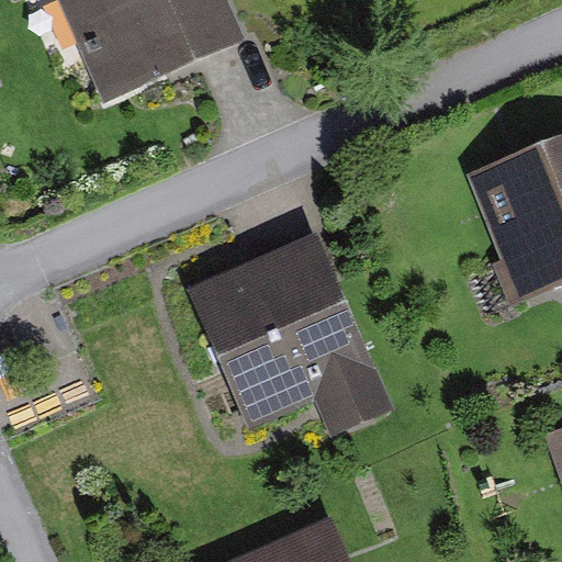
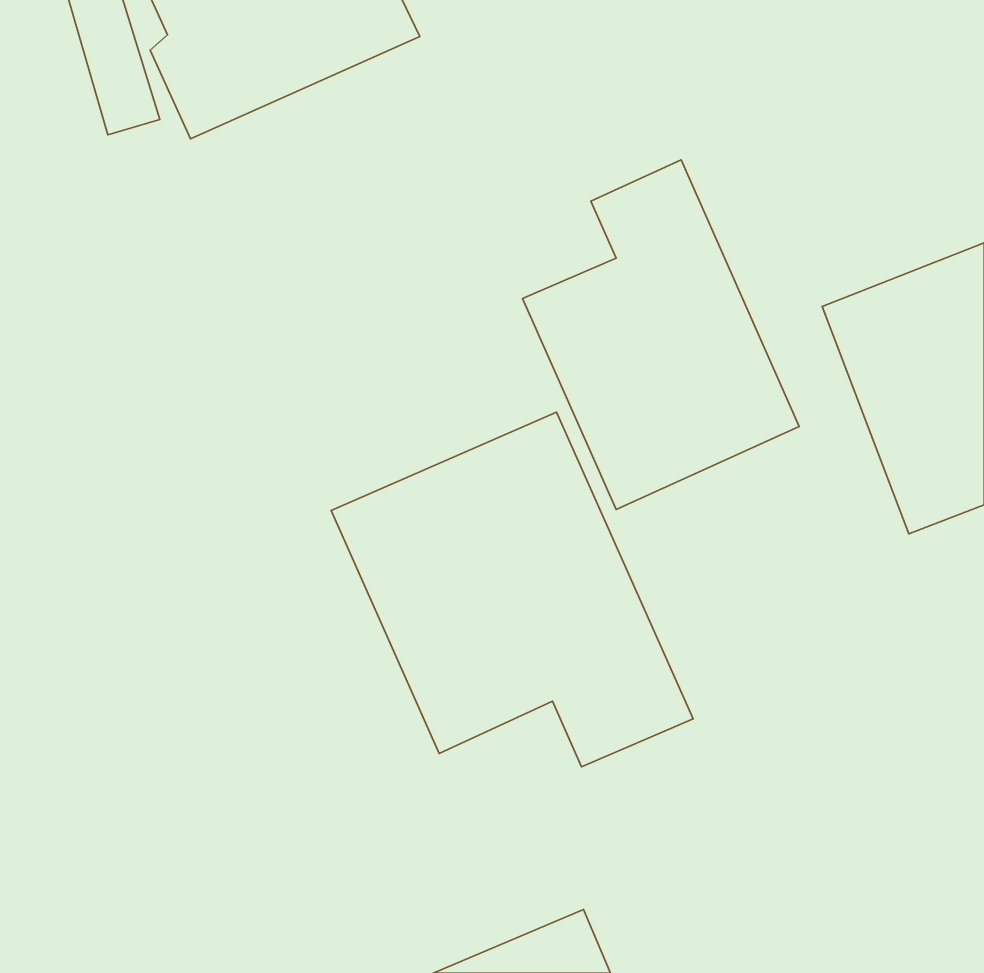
building: none -> [522,160,799,510]

